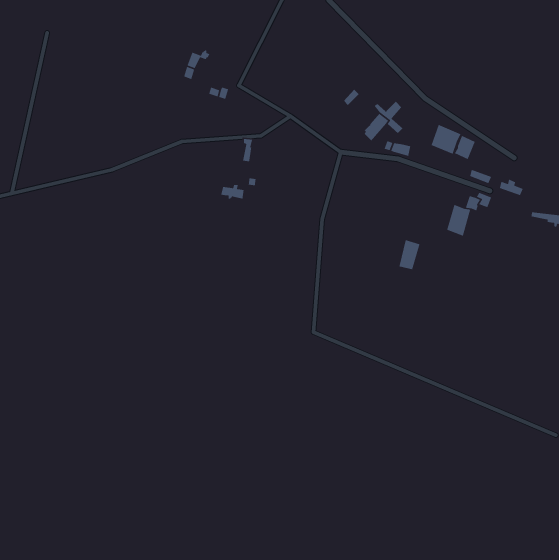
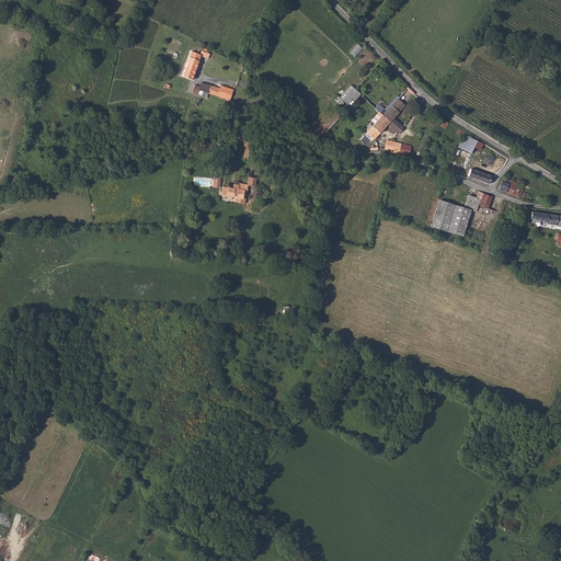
building: [431,124,462,155] -> none
building: [399,239,420,270] -> [433,199,455,230]

